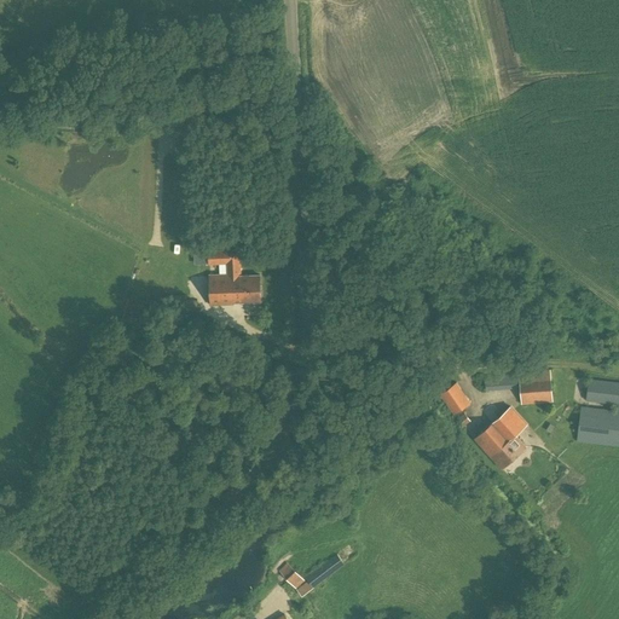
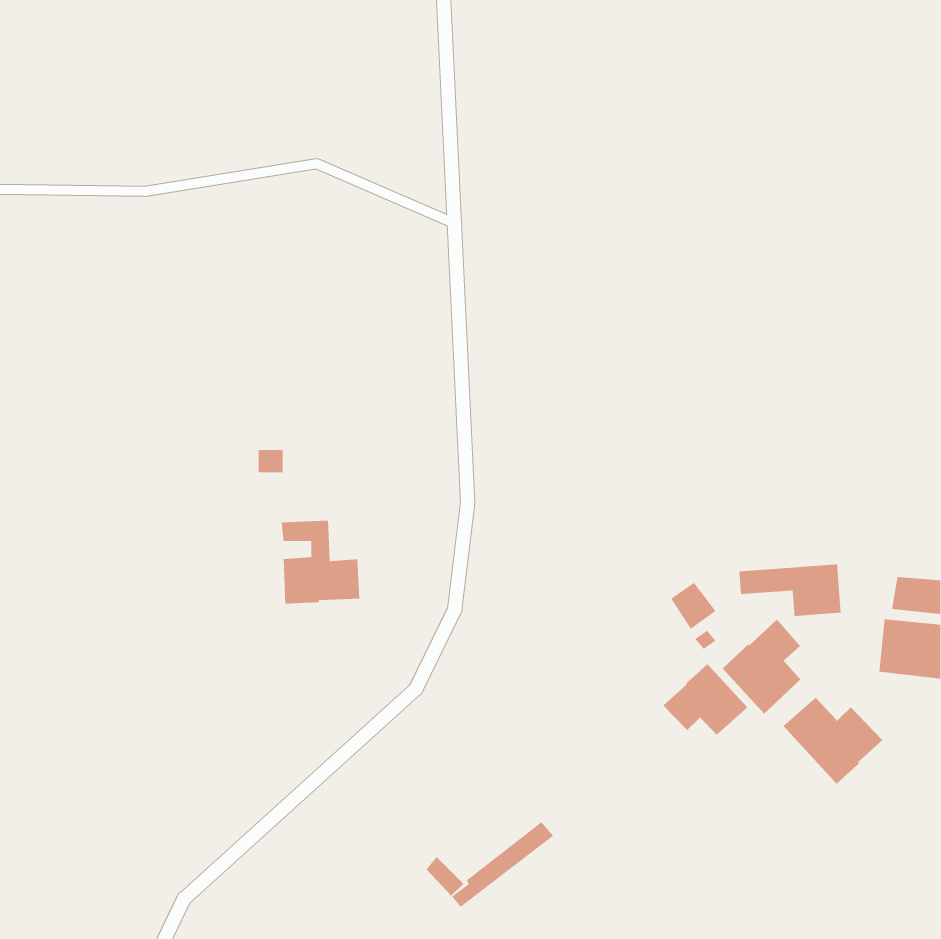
building: [208,250,260,306] -> [281,520,360,605]
building: none -> [663,663,748,736]
building: none -> [782,697,883,785]

